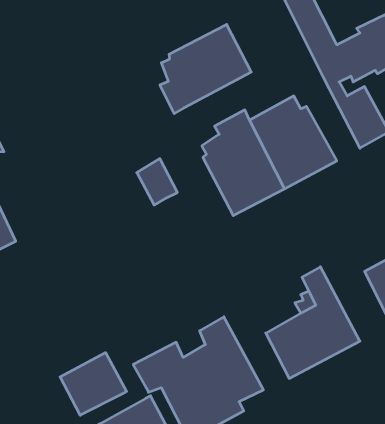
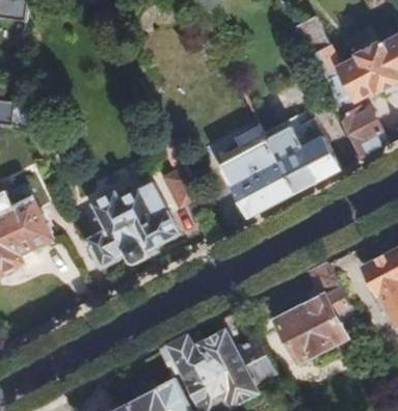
building: [160,24,251,114] -> none
building: none -> [74,184,175,268]
building: [60,353,127,415] -> none

